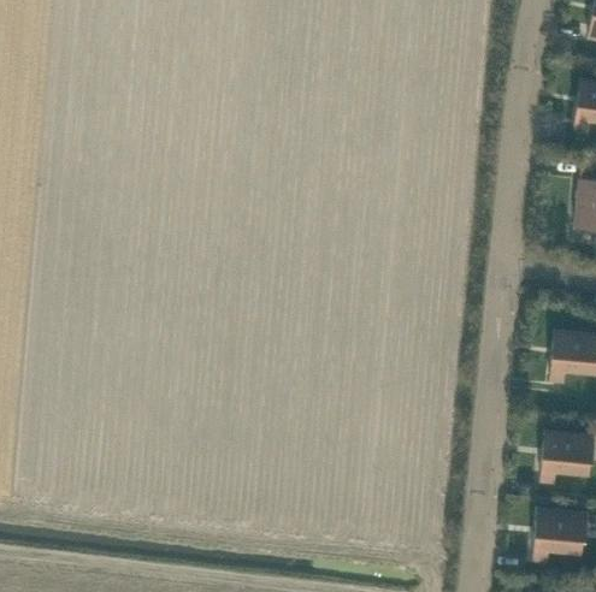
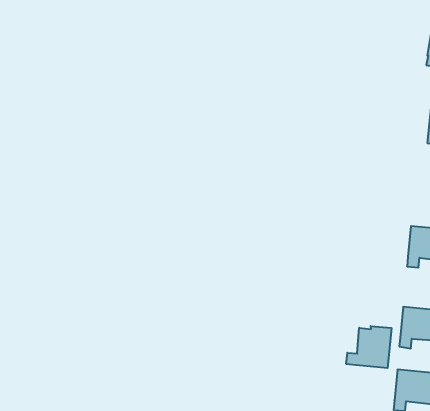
building: none -> [346,326,391,368]

